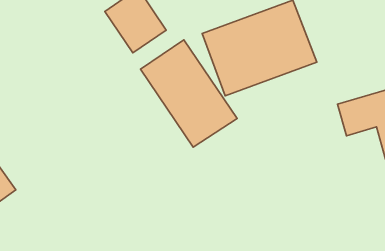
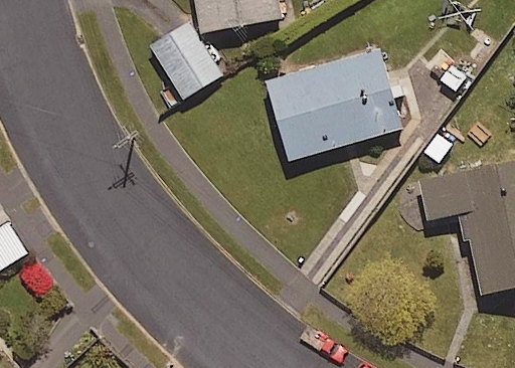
building: [140,40,237,147] -> none

